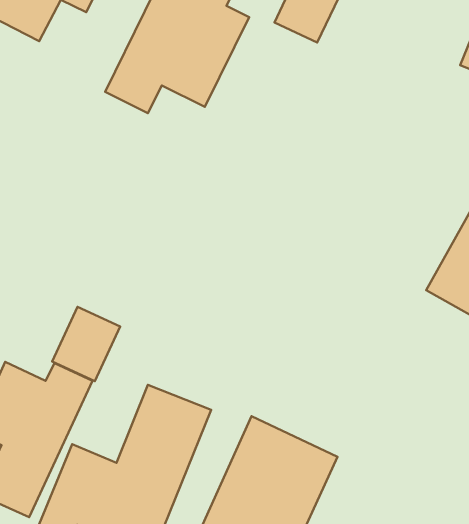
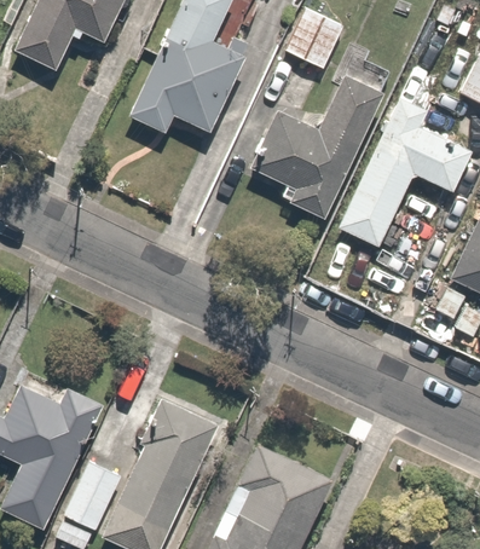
building: none -> [242,76,384,224]
building: none -> [335,99,462,254]
building: [52,307,120,381] -> none

